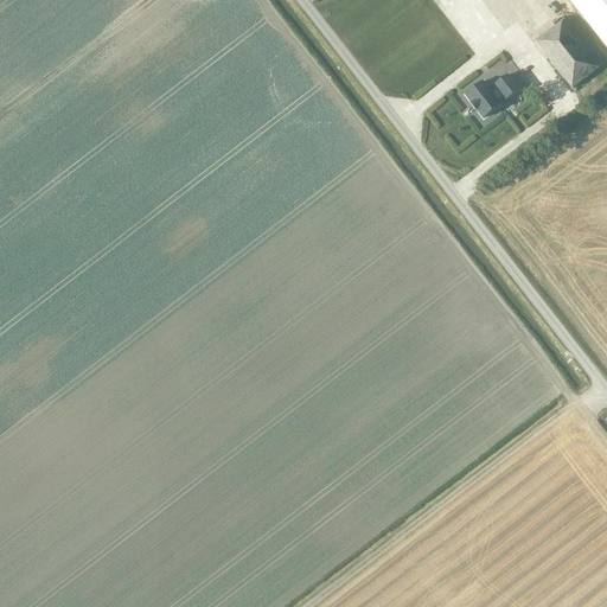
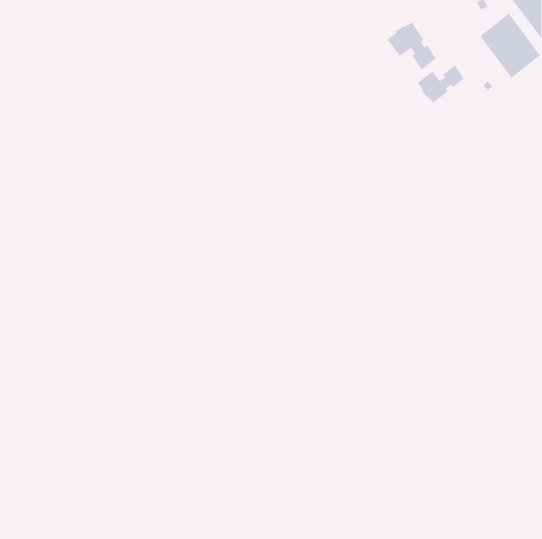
building: none -> [387,21,437,70]

